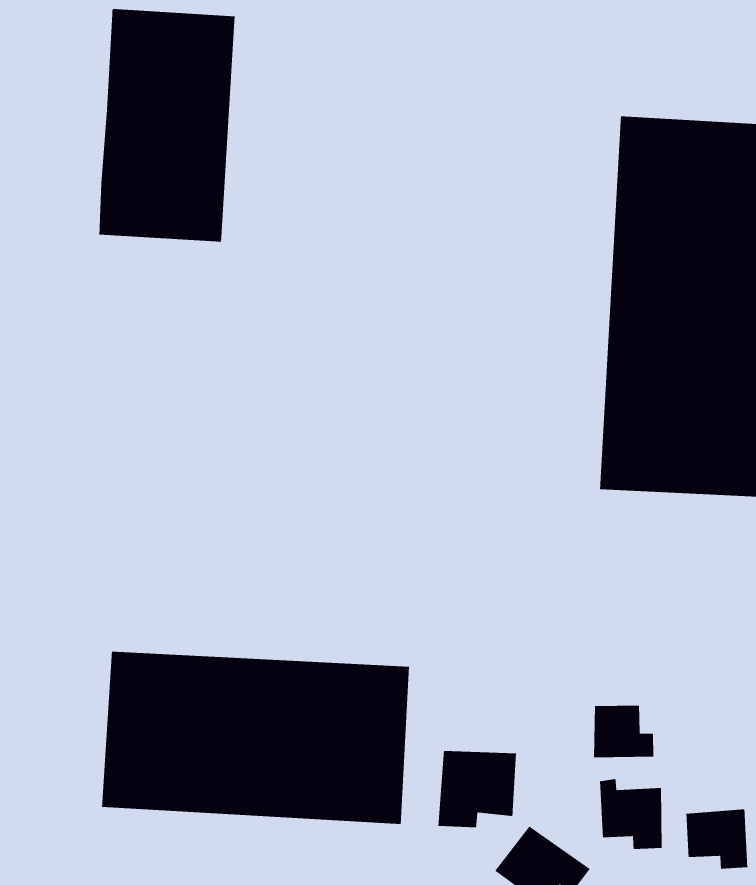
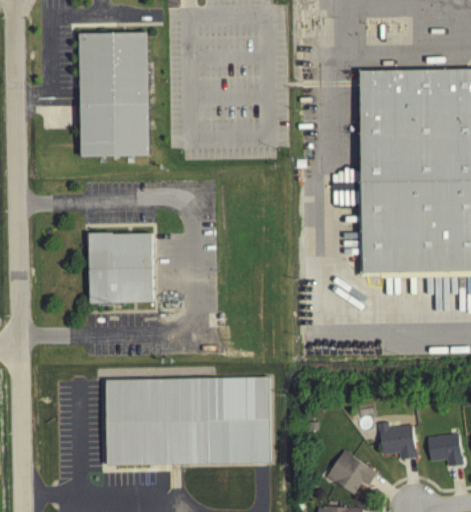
building: none -> [90,233,153,303]
building: [593,705,654,758] -> none
building: [437,750,517,828] -> none

